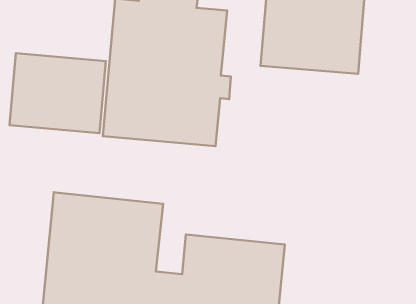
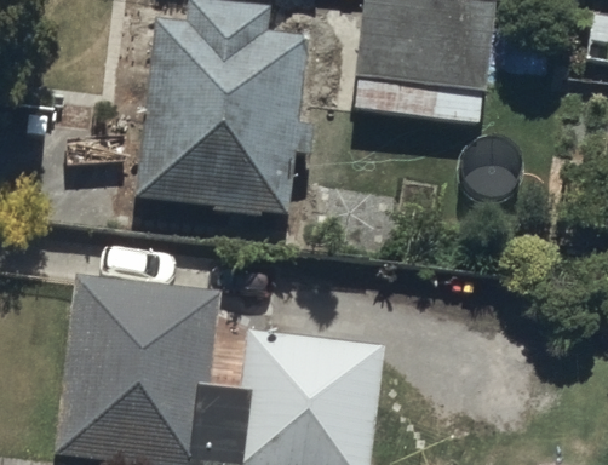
building: [10,53,106,133] -> none

